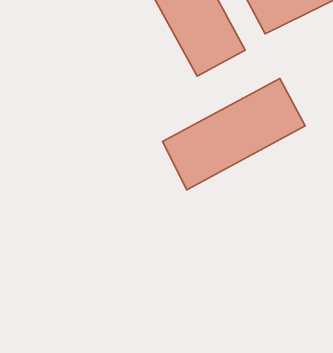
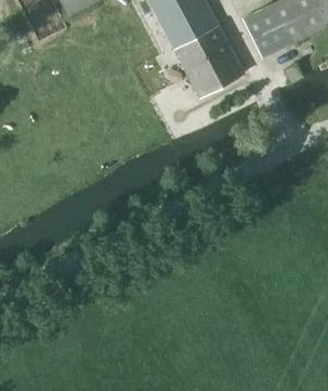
building: [162,79,305,190] -> none

